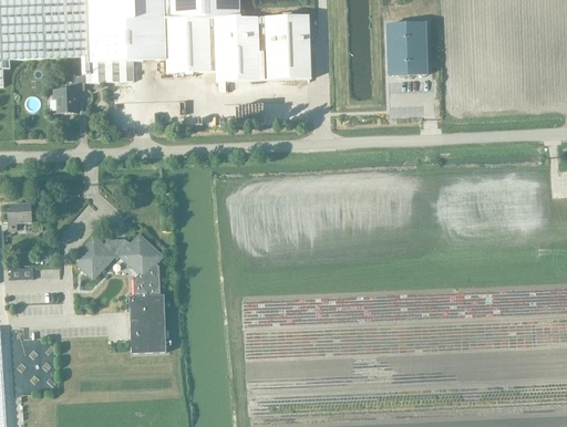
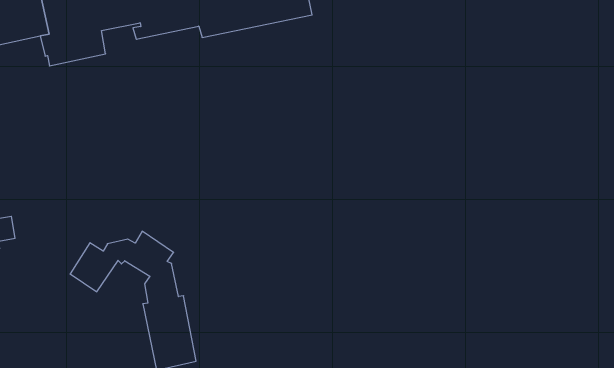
building: [54,74,84,113] -> none

